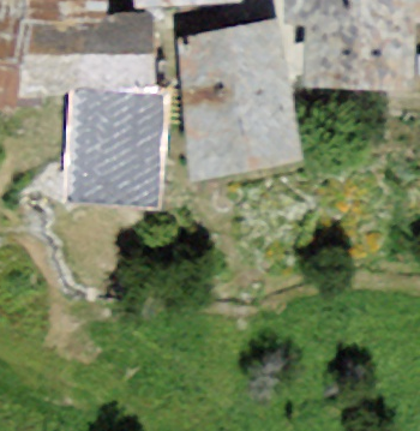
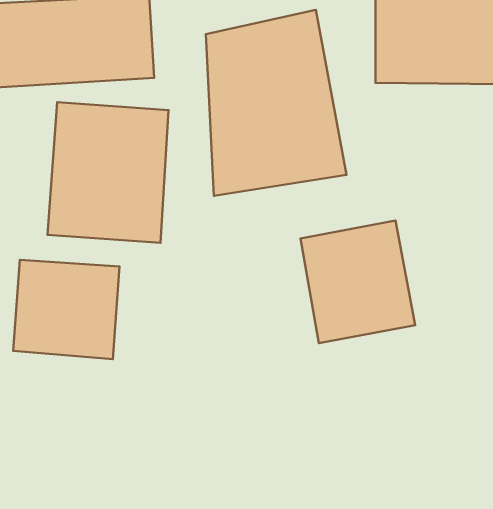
building: none -> [301,221,415,343]
building: none -> [13,260,120,359]

